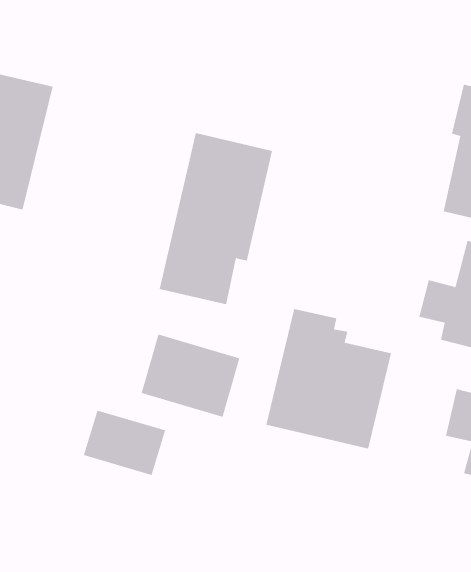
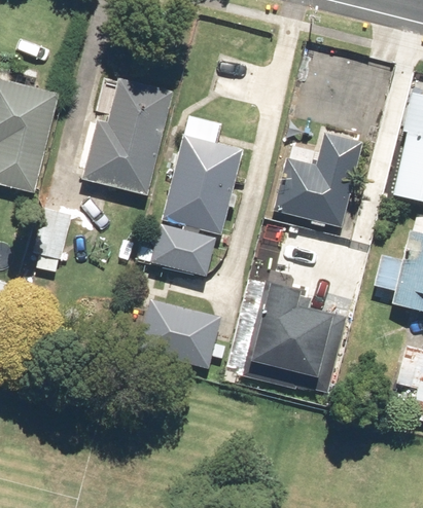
building: none -> [81,71,177,196]
building: none -> [275,134,361,228]
building: [83,410,166,476] -> none

